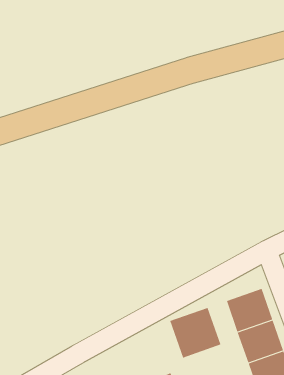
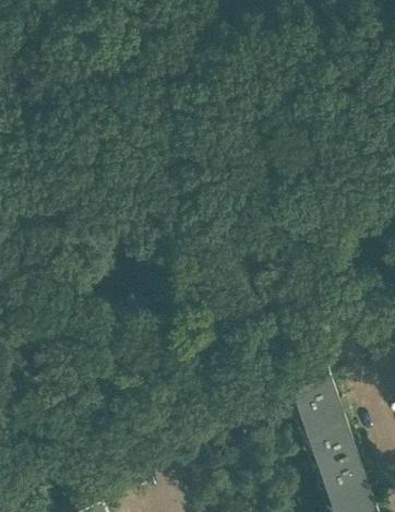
building: [170,307,221,358] -> none

